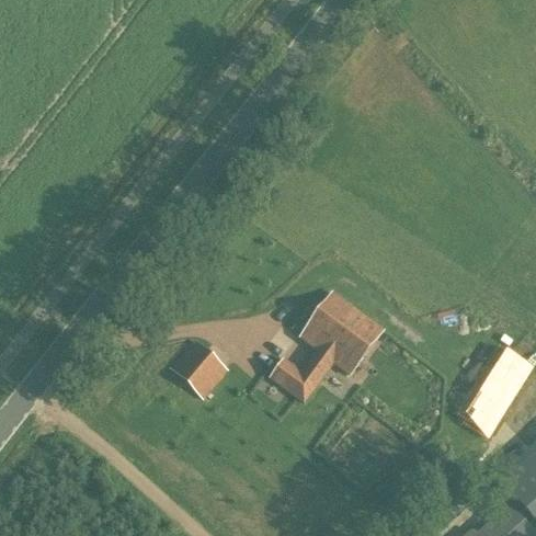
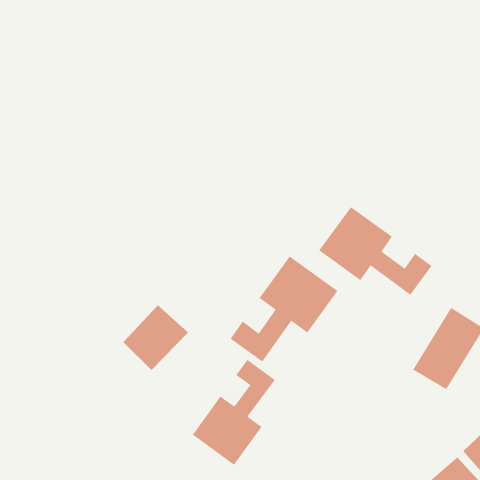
building: none -> [318,206,433,296]
building: none -> [192,359,276,466]

